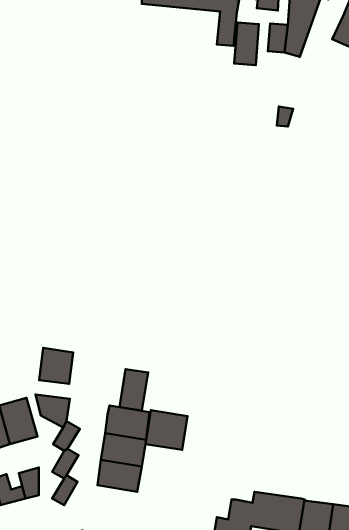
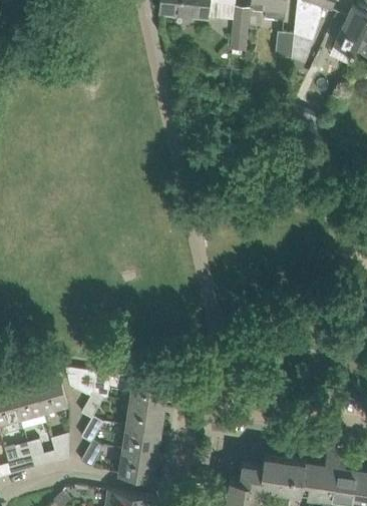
building: [234,22,259,65] -> none
building: [39,348,73,384] -> none
building: [119,369,148,411] -> none
building: [145,410,188,450] -> none
building: none -> [117,450,157,480]

